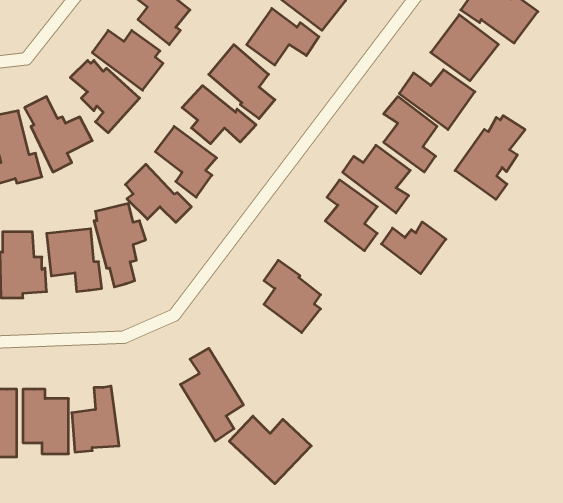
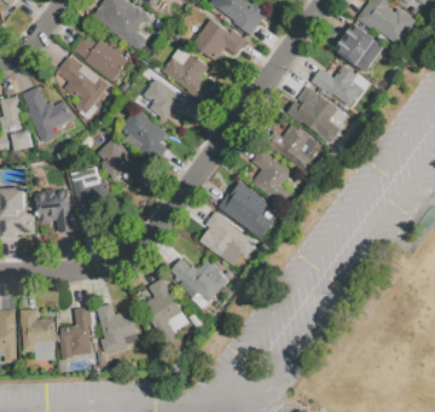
building: [455,116,525,199] -> none
building: [381,222,446,274] -> [220,188,269,228]
building: none -> [95,302,137,352]
building: [229,416,311,484] -> [167,256,230,308]

